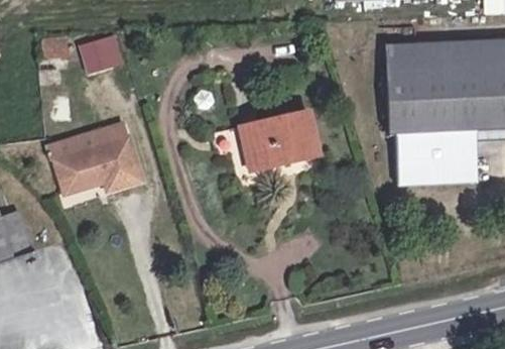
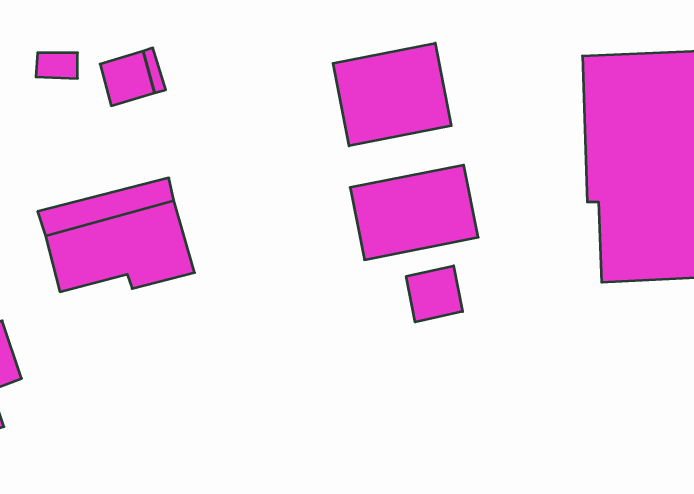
building: none -> [333,43,451,146]
building: none -> [406,266,463,322]

